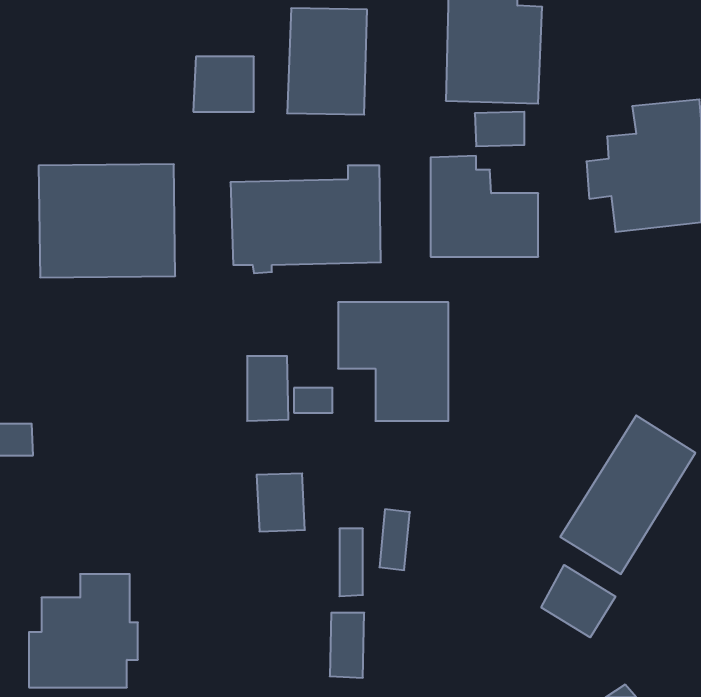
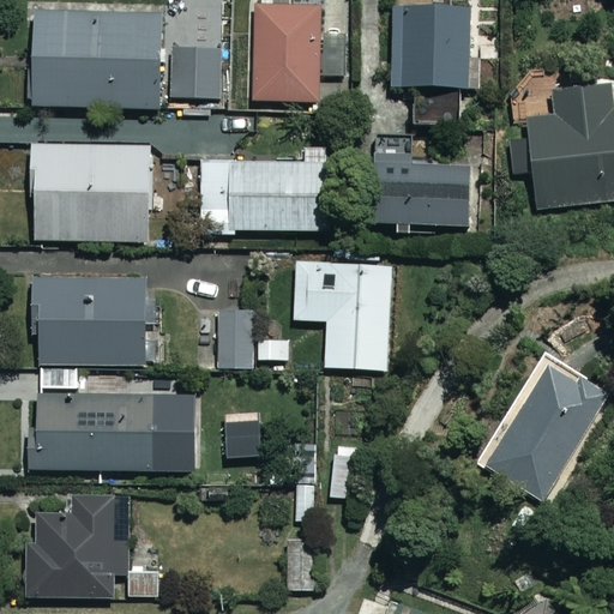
building: none -> [34,12,163,108]
building: none -> [28,277,145,363]
building: none -> [29,396,174,470]
building: [541,565,615,637] -> none

